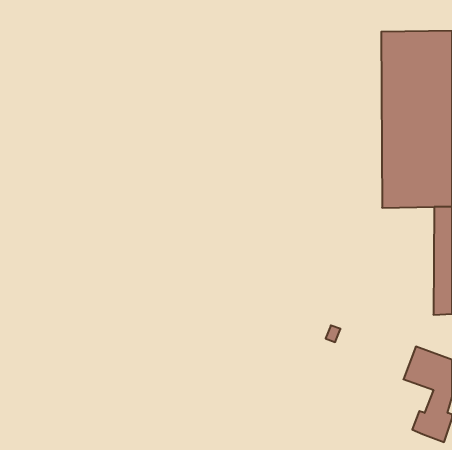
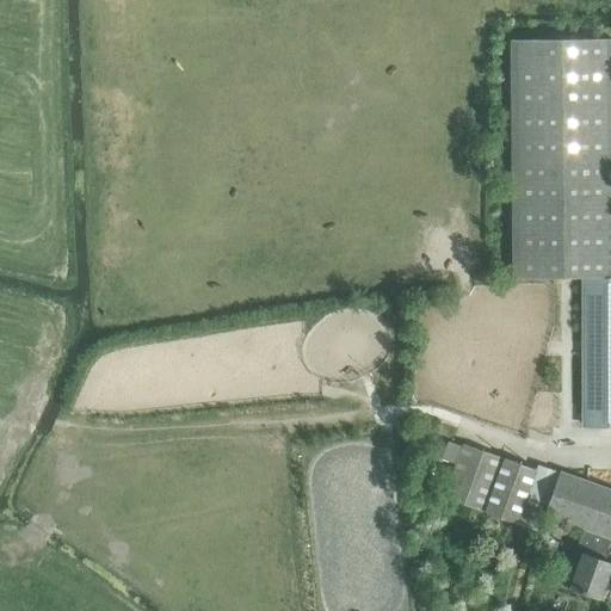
building: none -> [445,446,499,510]
building: none -> [486,461,538,524]

